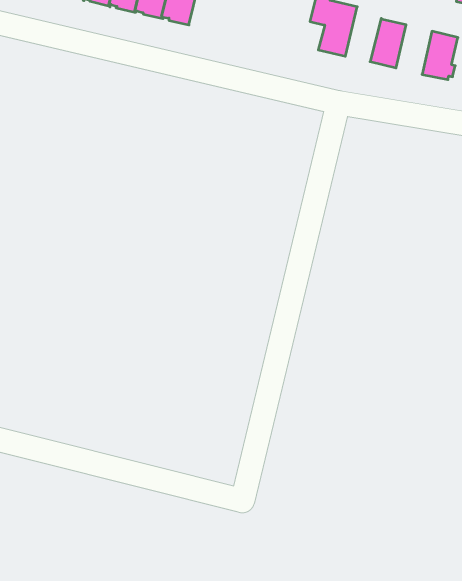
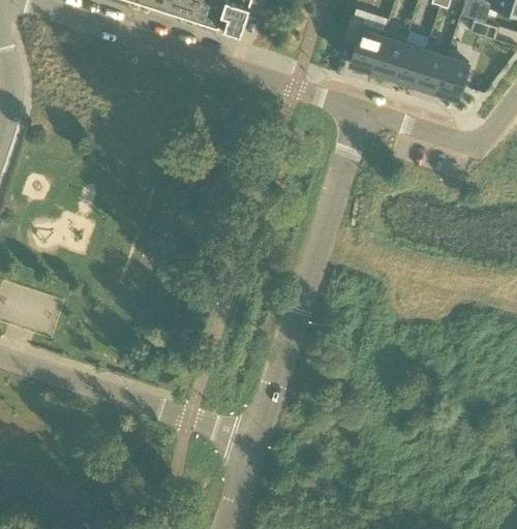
building: none -> [370,31,405,79]
building: none -> [413,50,446,93]

